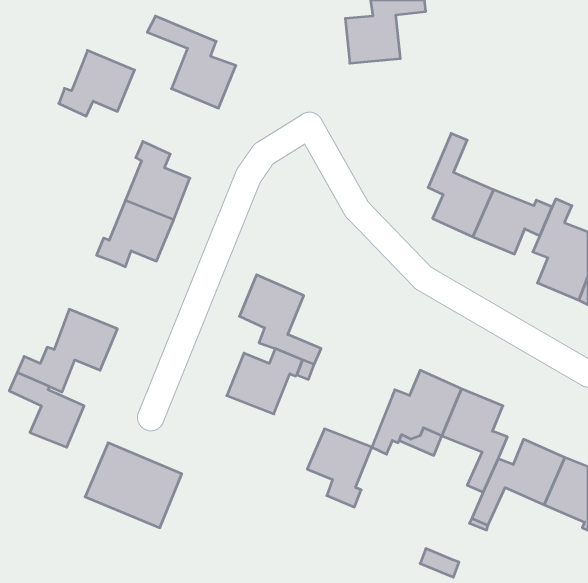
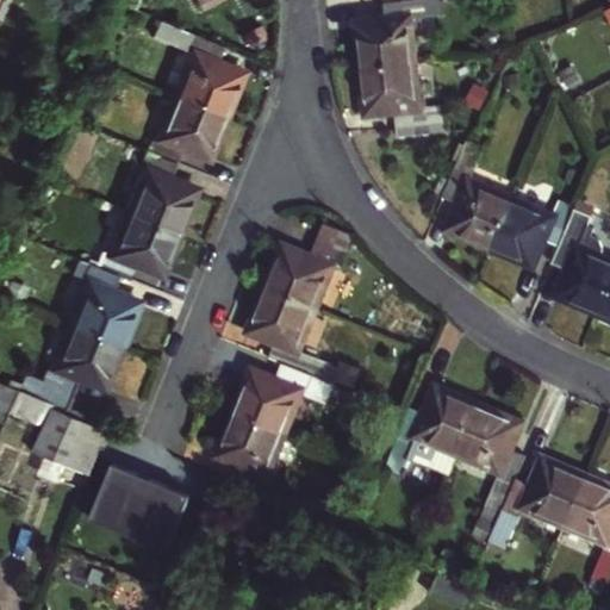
building: [59,50,135,116] -> [148,97,226,164]
building: none -> [362,66,444,139]
building: none -> [266,225,353,311]
building: none -> [71,264,138,346]
building: [307,429,372,507] -> [217,415,284,496]

